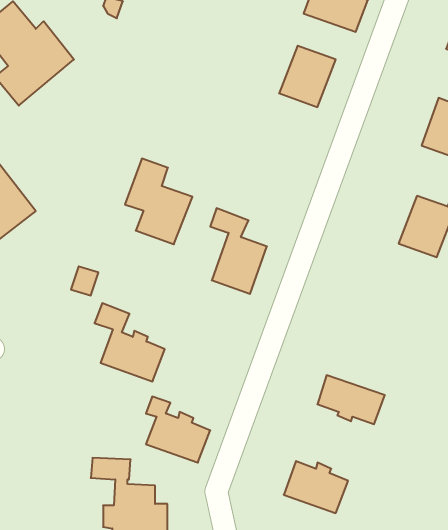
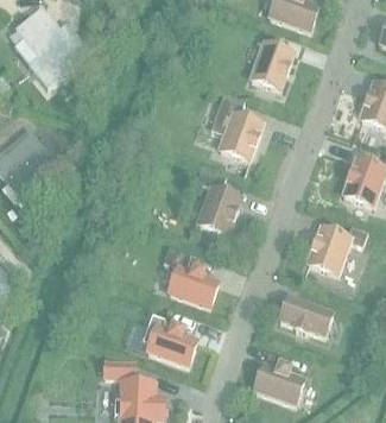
building: [125,159,192,244] -> [210,94,262,160]
building: none -> [308,226,366,274]
building: [94,303,165,381] -> [163,246,217,307]

